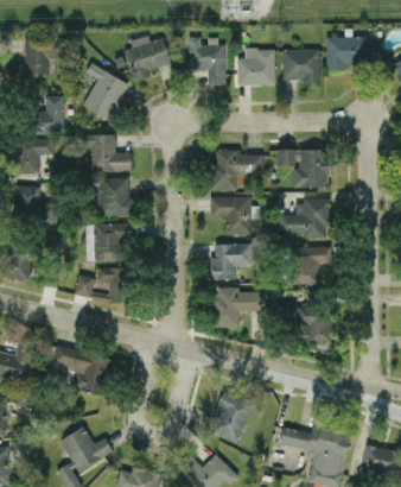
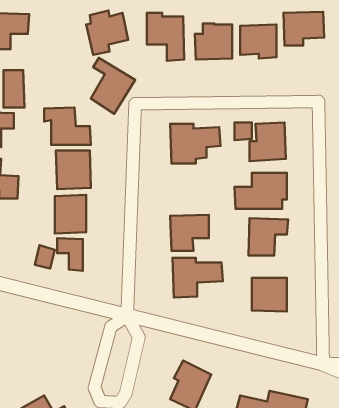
building: [84,63,129,120] -> [91,58,135,114]
building: [210,197,260,235] -> none
building: [50,347,112,396] -> none

